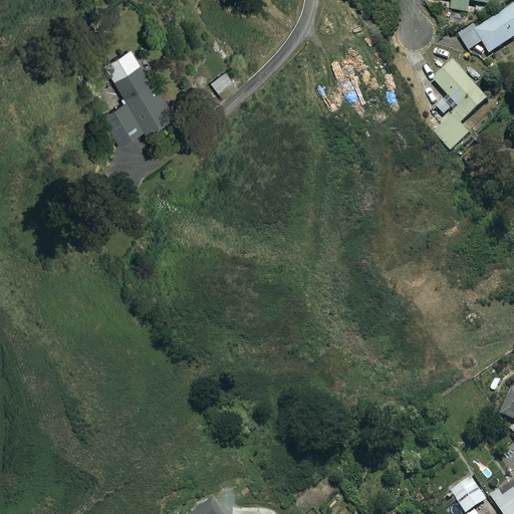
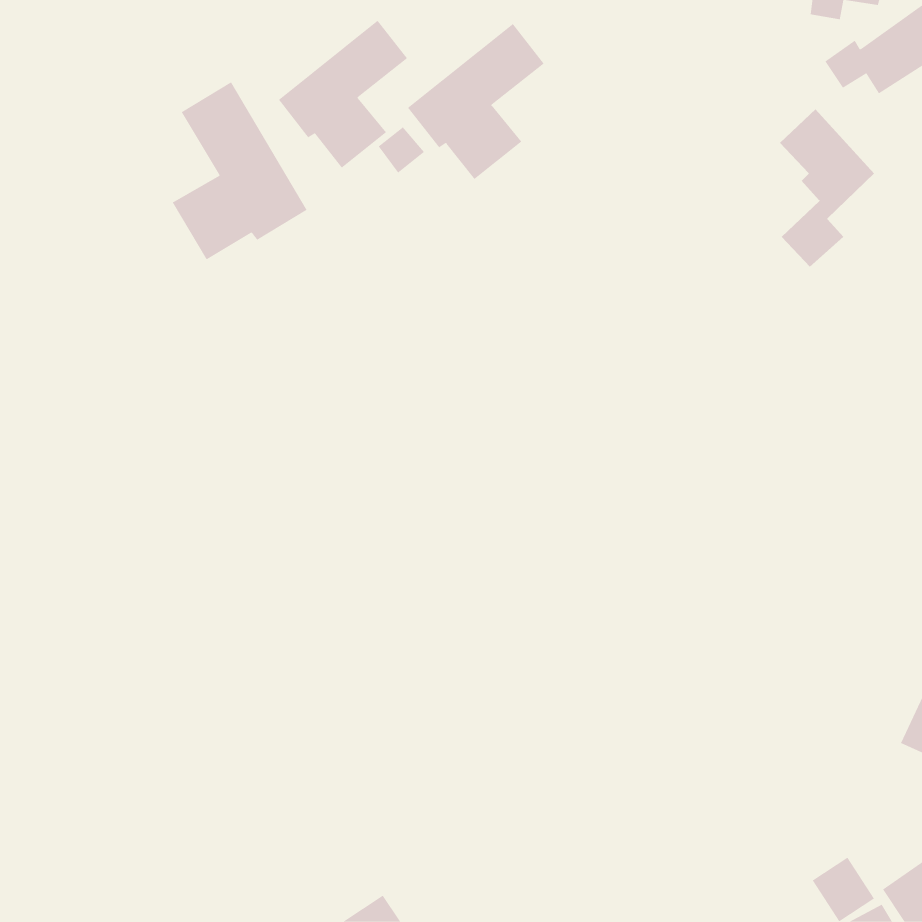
building: none -> [278,20,408,168]
building: none -> [407,23,545,180]

